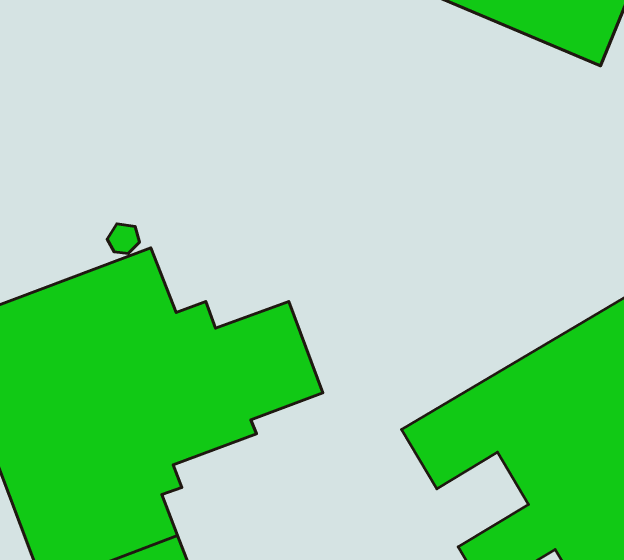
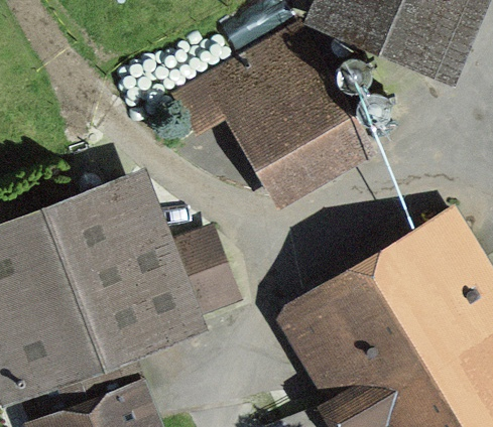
building: none -> [178,29,361,189]

